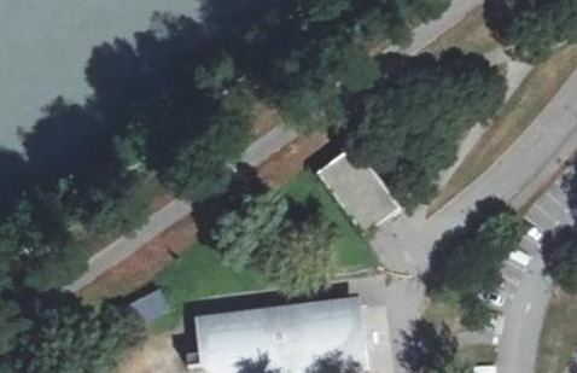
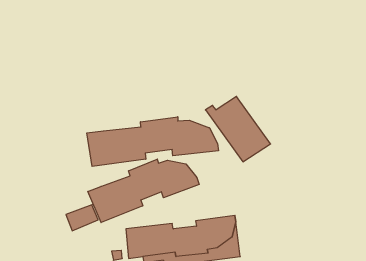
building: none -> [87,117,218,166]
building: none -> [88,159,199,223]

